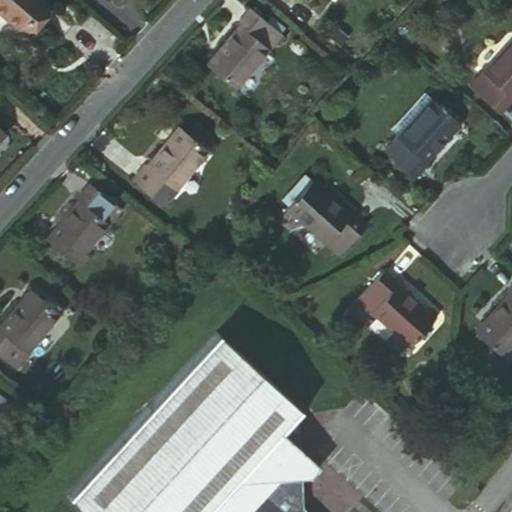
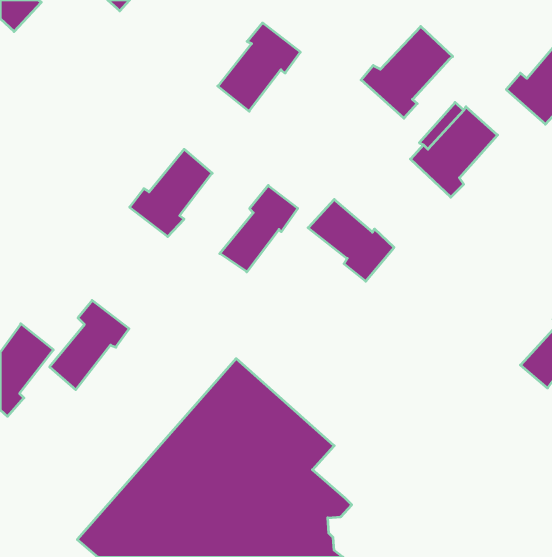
building: none -> [361,26,453,118]
building: none -> [220,185,298,272]
building: [40,193,113,275] -> [50,300,129,390]
building: [351,269,429,346] -> none

